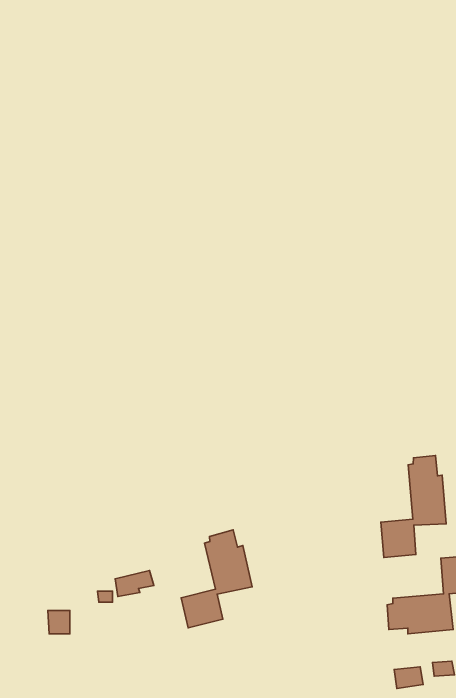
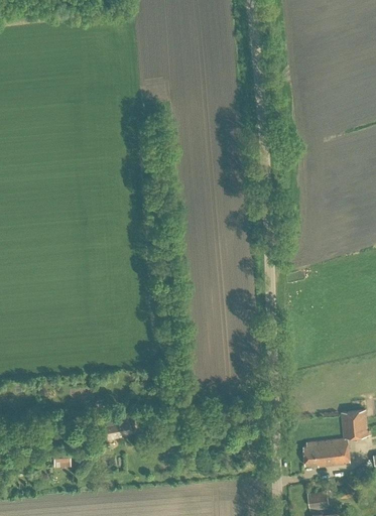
building: [381,455,446,558] -> none
building: [181,530,252,628] -> none

